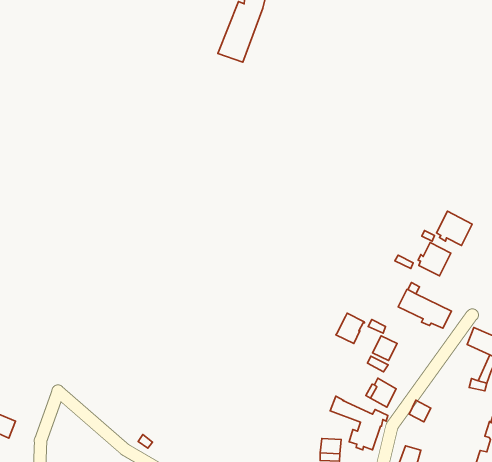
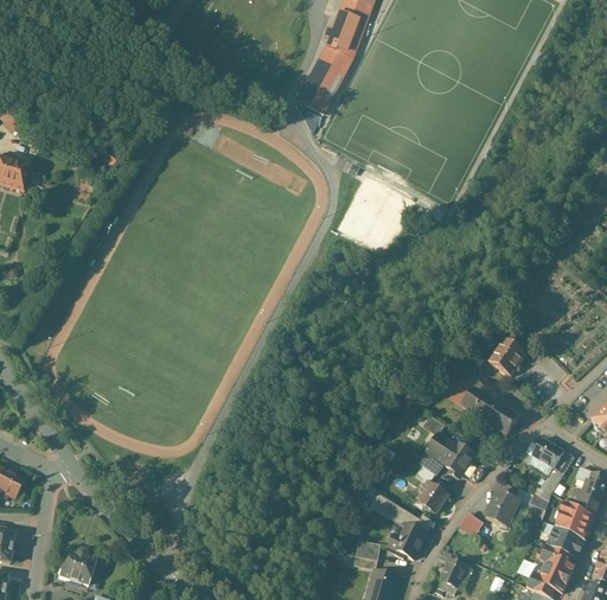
building: [437,211,472,246] -> none
building: [336,313,364,343] -> [441,441,474,475]
building: none -> [485,490,518,528]

